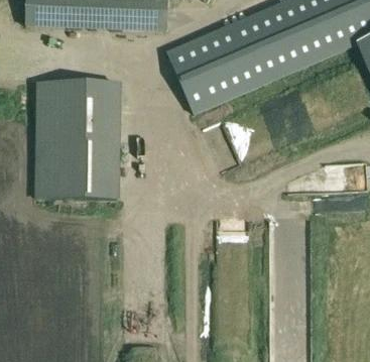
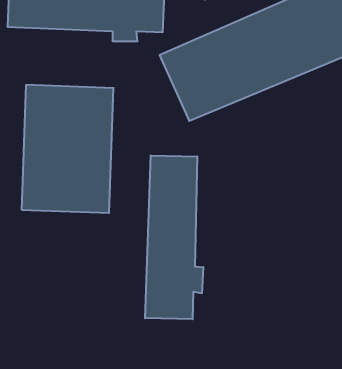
building: none -> [145,155,203,319]

